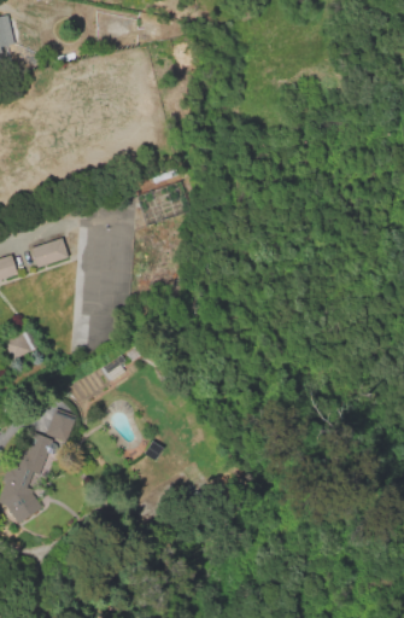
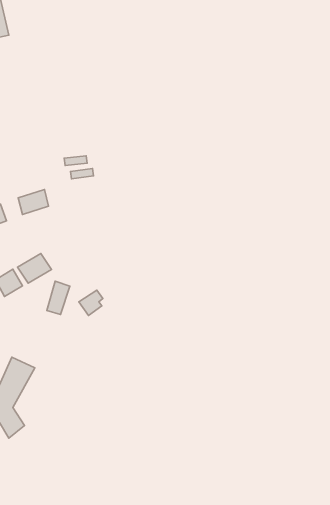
building: none -> [18,254,51,283]
building: [46,403,72,442] -> [47,281,70,315]

